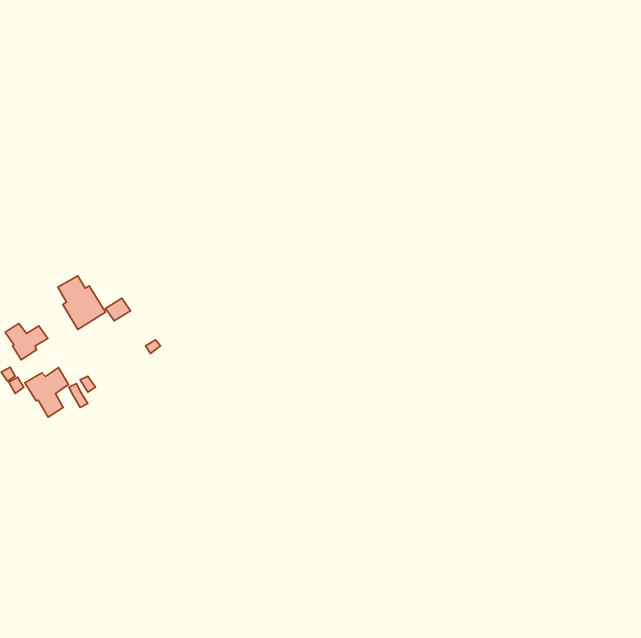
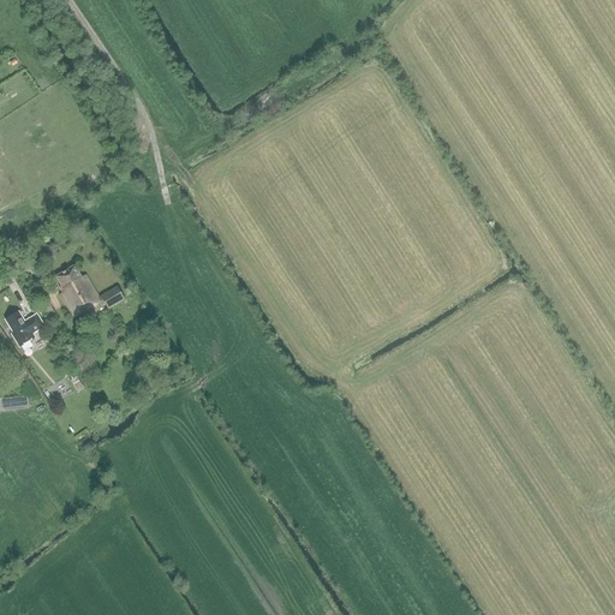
building: [25,367,69,417] -> none

